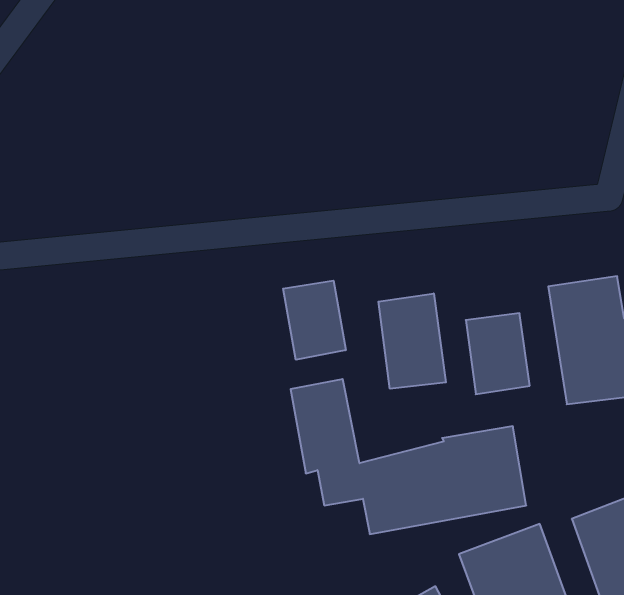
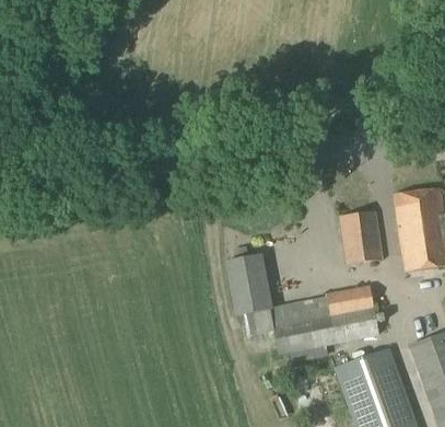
building: [283,281,346,360] -> none
building: [378,293,446,389] -> none

